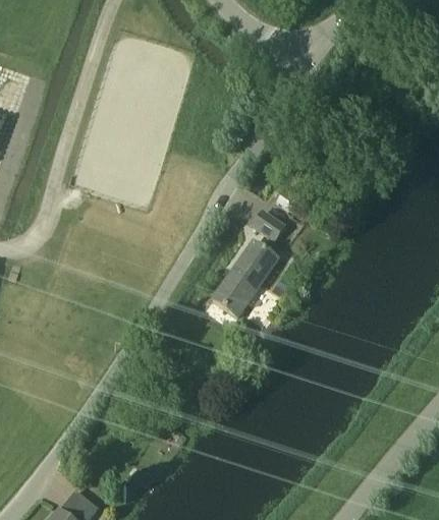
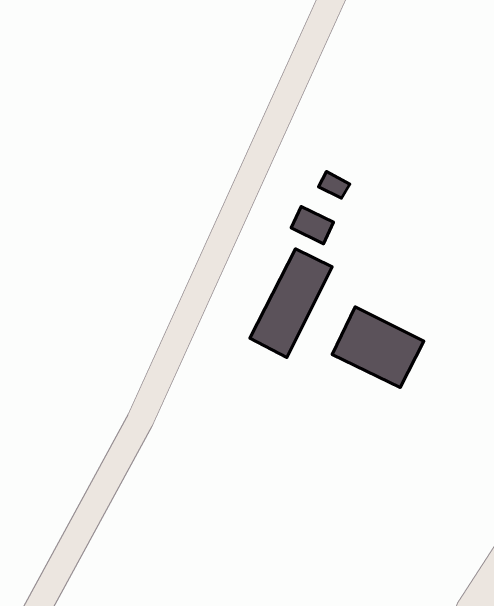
building: none -> [332,307,424,388]

